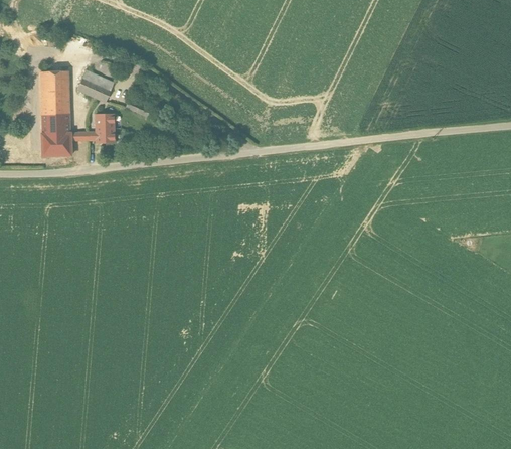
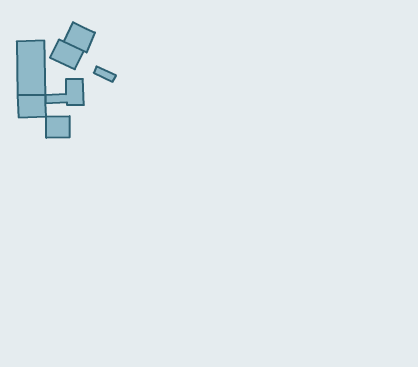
building: none -> [64,22,95,53]
building: none -> [46,116,70,138]

